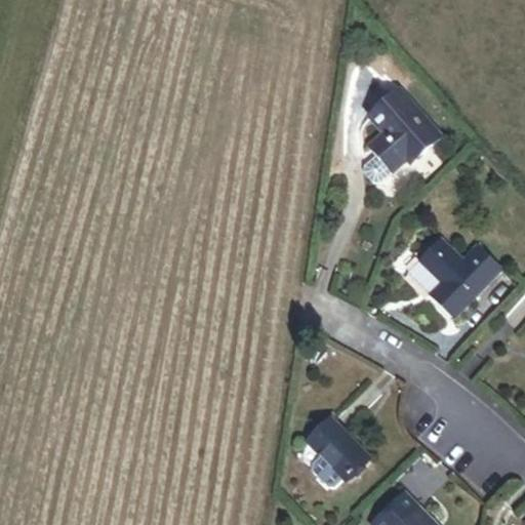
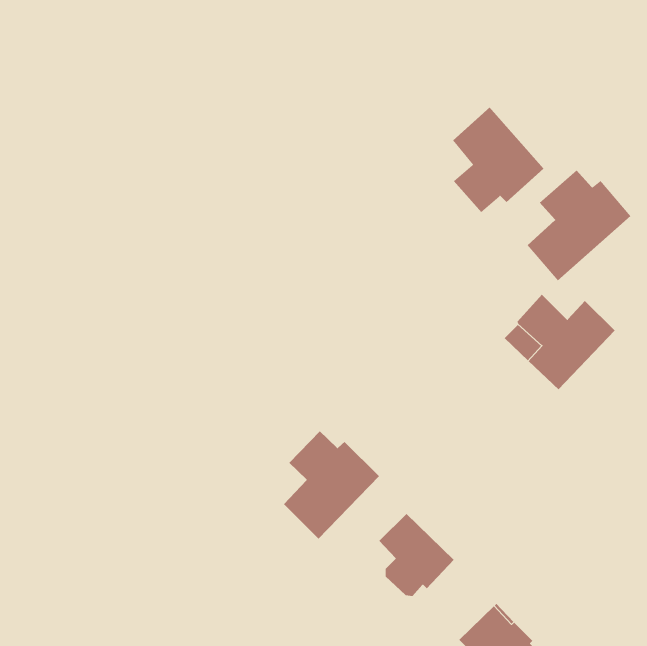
building: none -> [527,169,631,281]
building: none -> [283,431,380,539]

